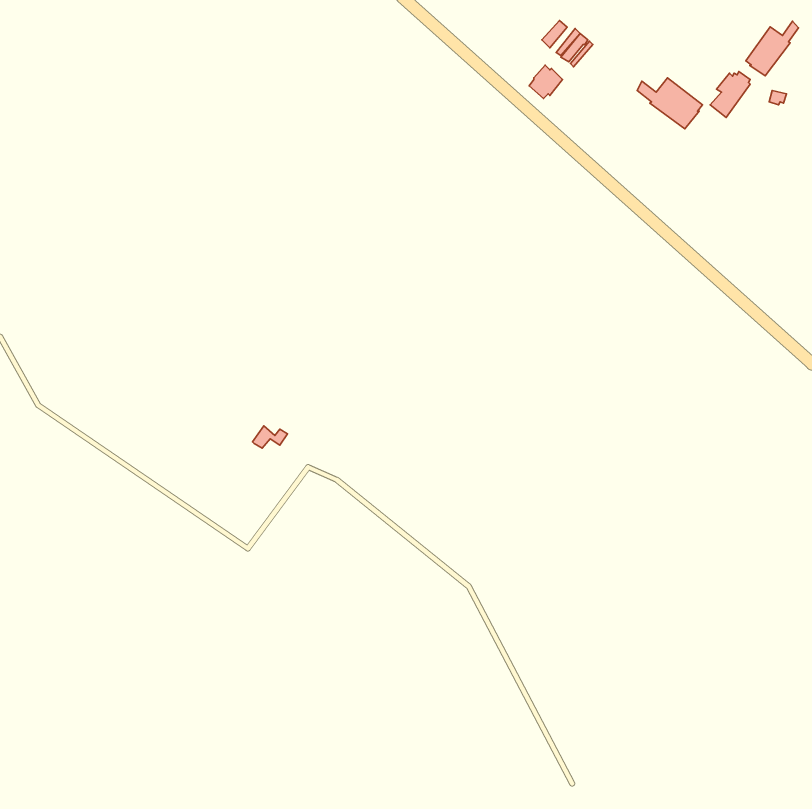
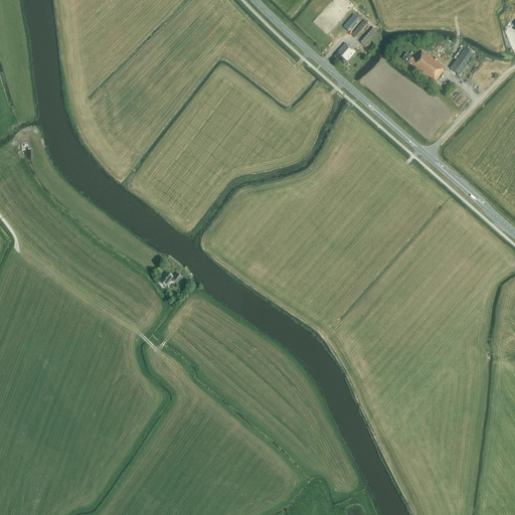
building: [746,21,798,76] -> none

